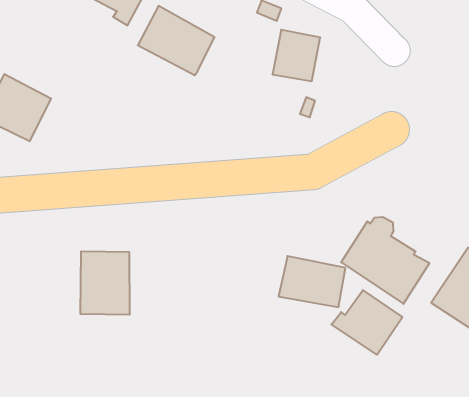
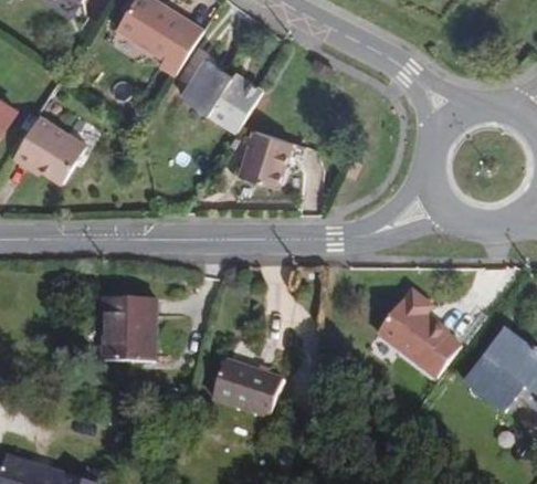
building: [272,30,320,81] -> [242,129,294,185]
building: [279,256,345,307] -> [212,364,283,420]
building: [331,290,402,355] -> none

